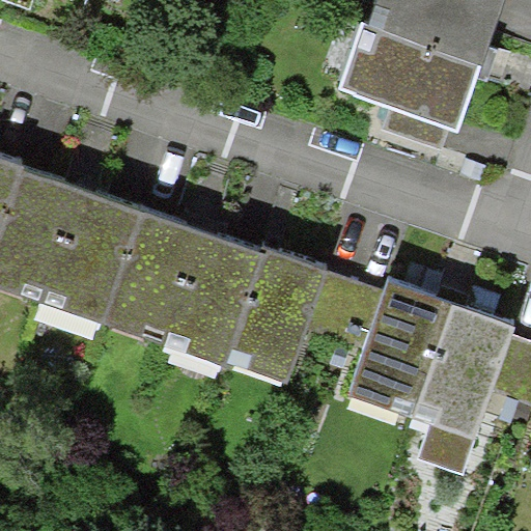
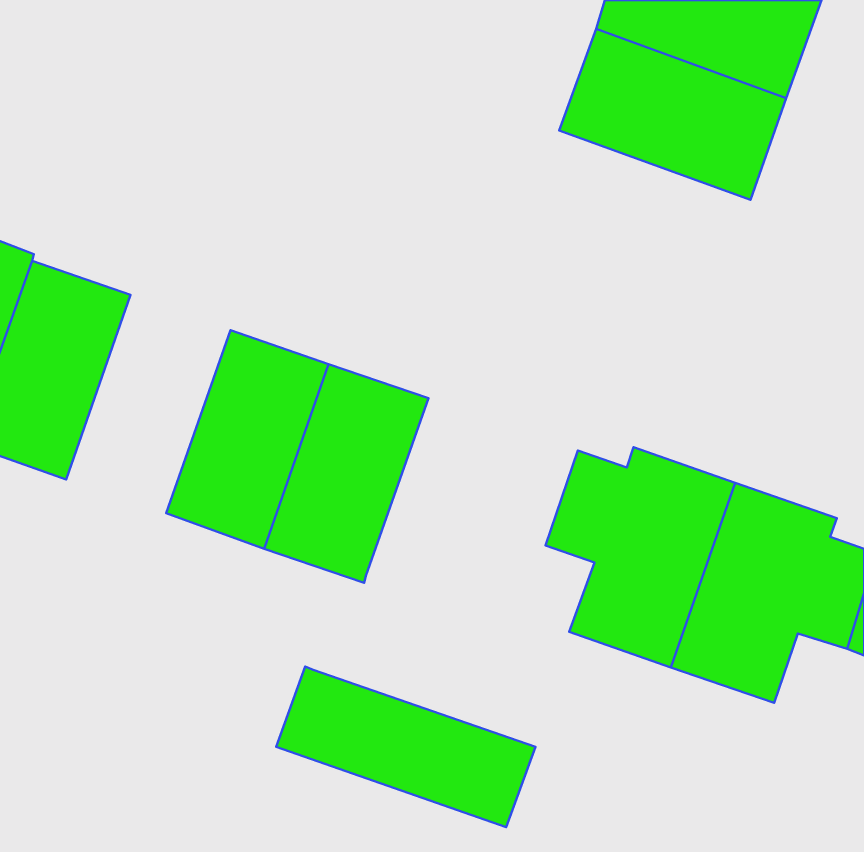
building: [40,189,141,323] -> none
building: [224,248,354,383] -> none
building: none -> [276,667,536,827]

